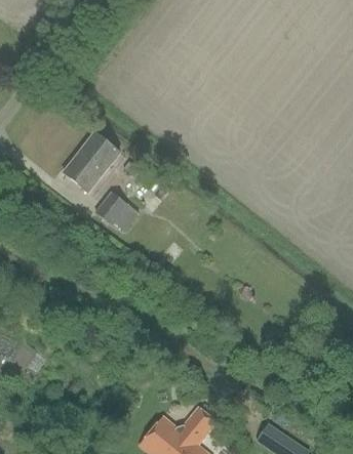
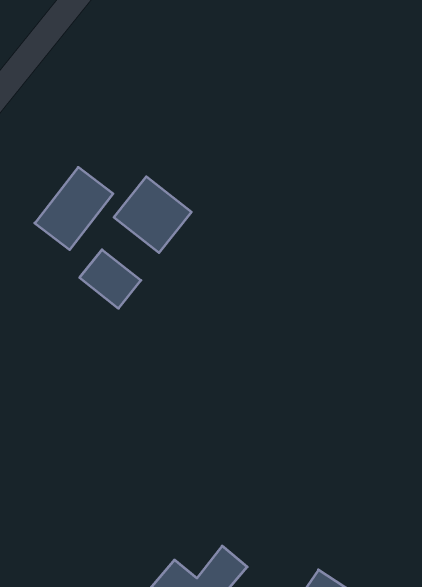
building: none -> [114,177,191,253]

